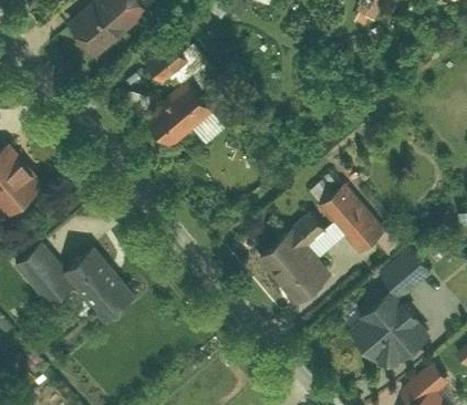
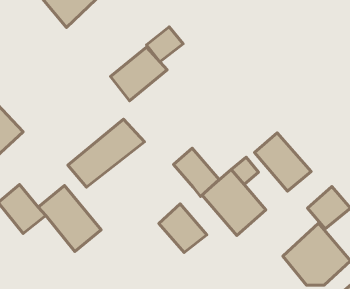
building: [144,43,187,84] -> [147,27,183,62]
building: none -> [68,119,144,187]
building: none -> [173,148,219,196]
building: none -> [159,204,207,253]

